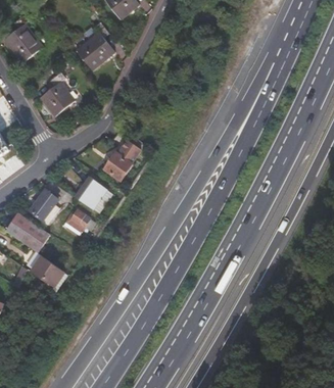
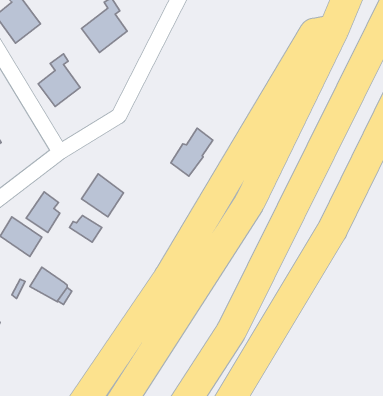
building: [102,137,138,178] -> [171,128,213,176]

